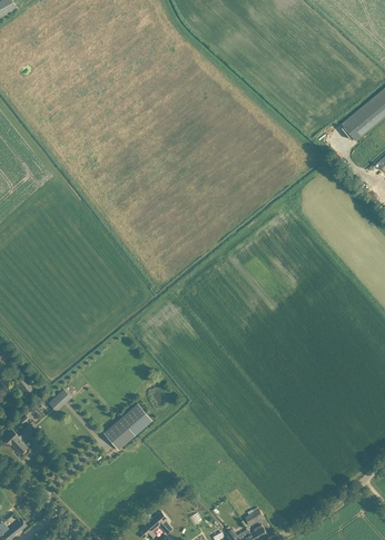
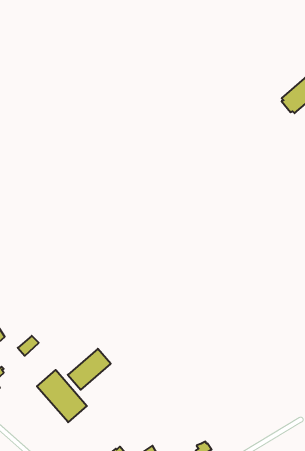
building: none -> [37,370,87,422]

